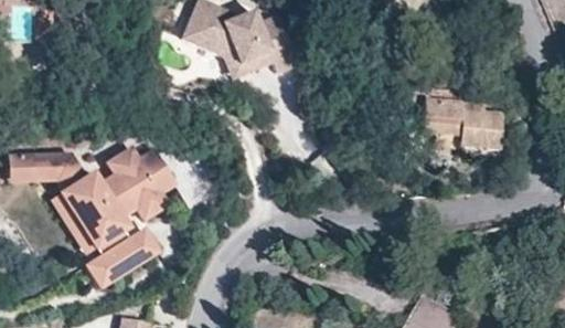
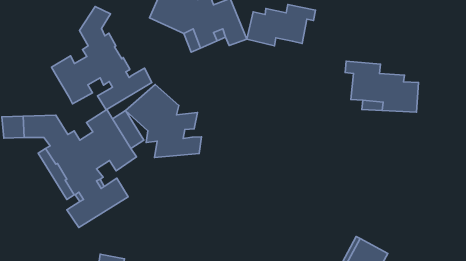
building: none -> [247,4,316,46]
building: none -> [51,7,152,110]
building: none -> [125,85,201,157]

